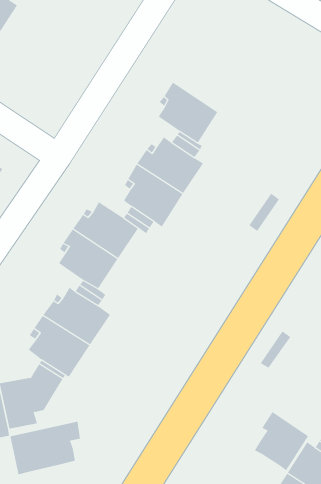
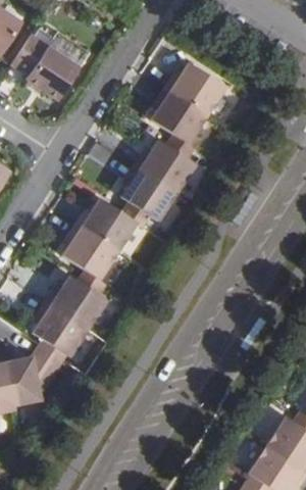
building: none -> [14,27,90,97]
building: none -> [163,62,224,117]
building: [254,411,309,471] -> none
building: [10,421,81,475] -> none

